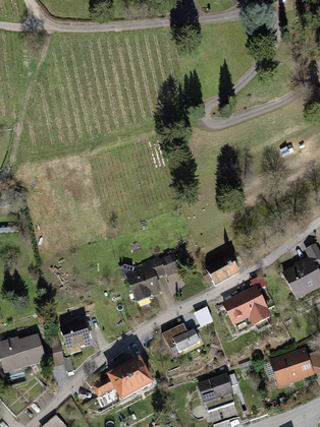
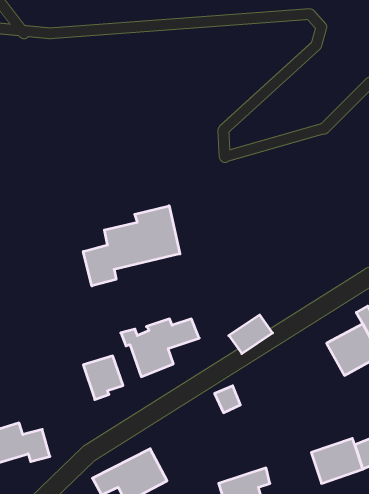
building: none -> [83,206,180,286]
building: [223,287,273,325] -> none
building: [59,317,91,352] -> [83,356,123,400]
building: [164,323,201,355] -> none

